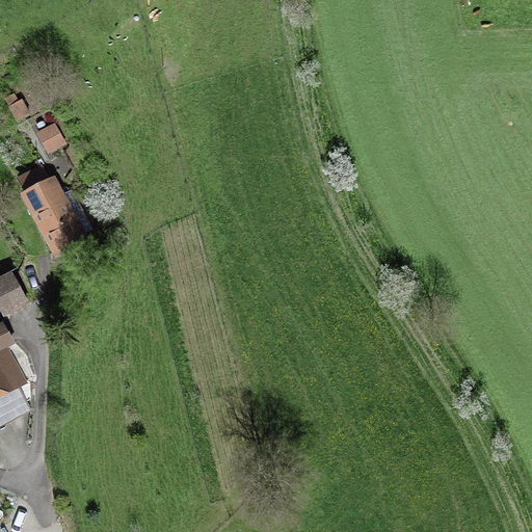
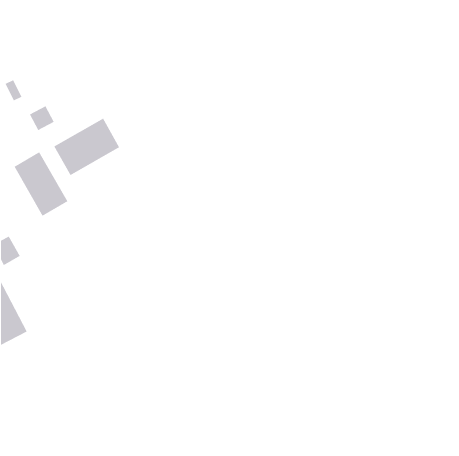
building: none -> [53,117,120,176]

